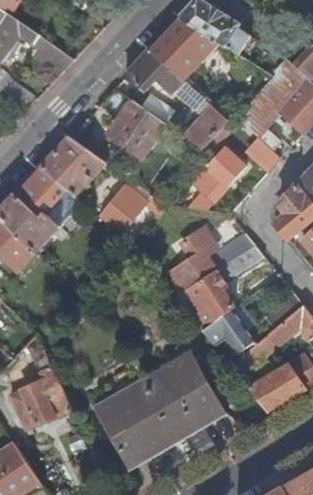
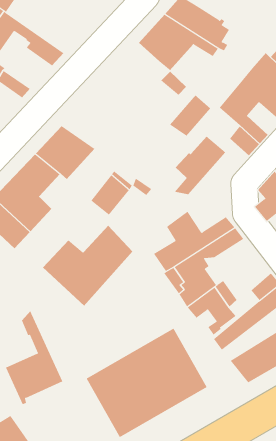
building: [124,48,172,90] -> none
building: [109,99,166,157] -> none
building: none -> [42,225,133,307]

